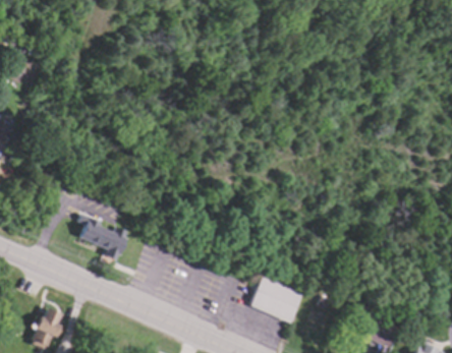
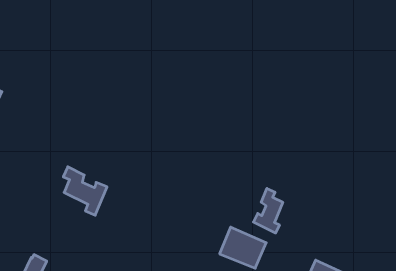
building: none -> [253,188,283,233]

